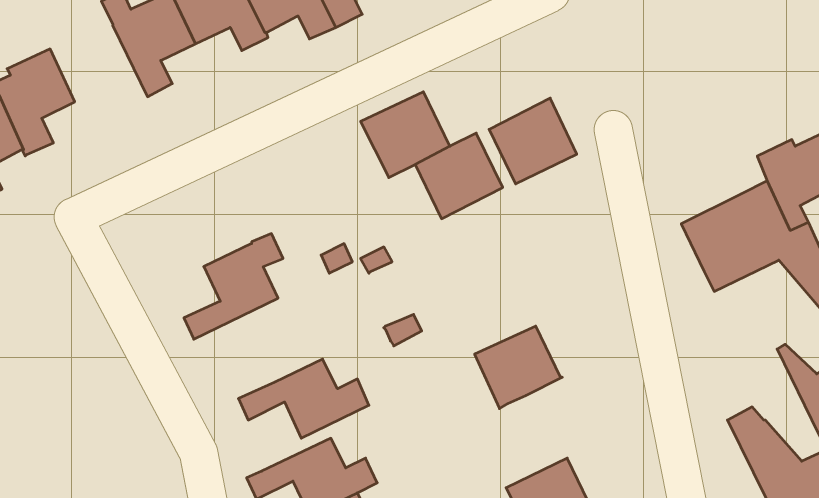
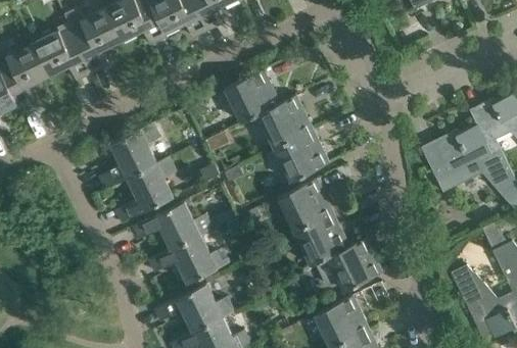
building: none -> [32,29,92,81]
building: [489,98,577,184] -> [274,129,328,182]
building: none -> [98,123,159,189]
building: none -> [277,179,332,232]
building: none -> [132,201,213,249]
building: none -> [315,238,381,291]

